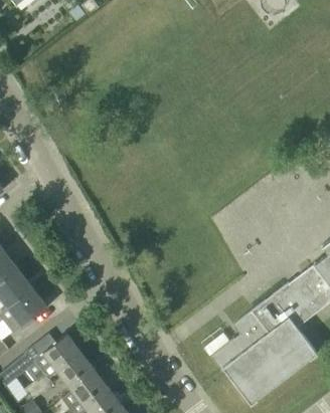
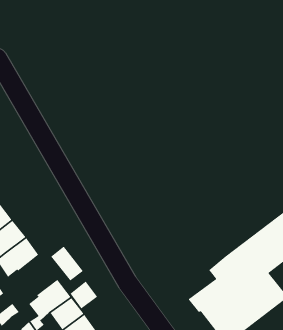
building: none -> [50,246,84,281]
building: none -> [69,281,98,310]

